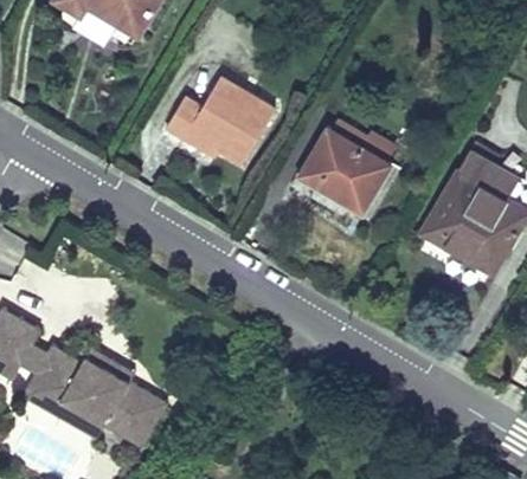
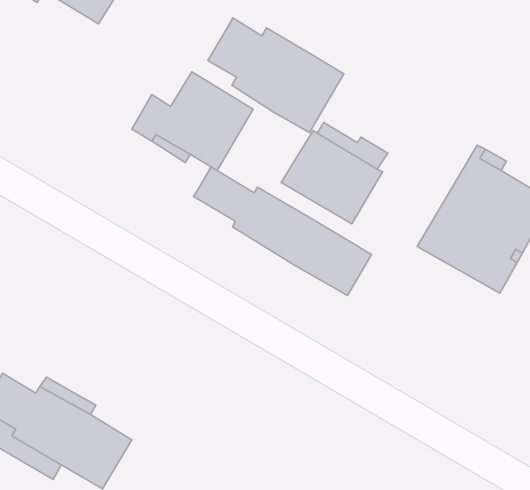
building: none -> [208,18,344,132]
building: none -> [193,167,371,295]

